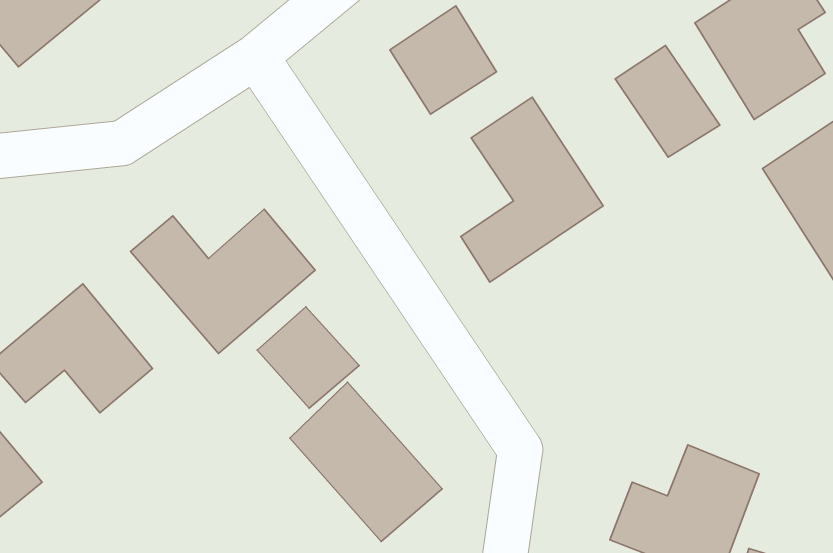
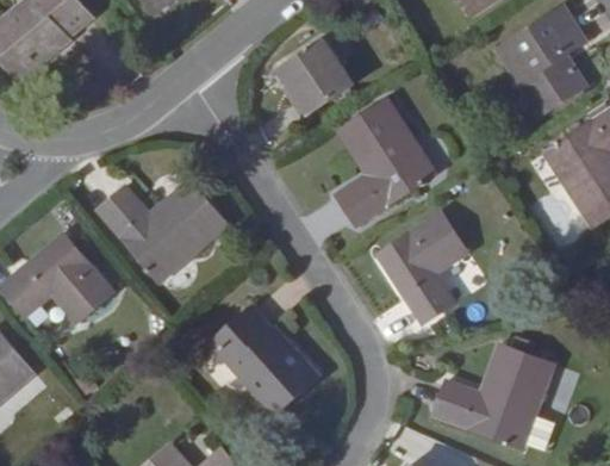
building: [615,45,720,157] -> none
building: none -> [378,209,469,322]
building: [257,307,359,408] -> none

